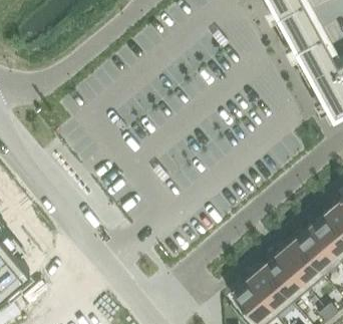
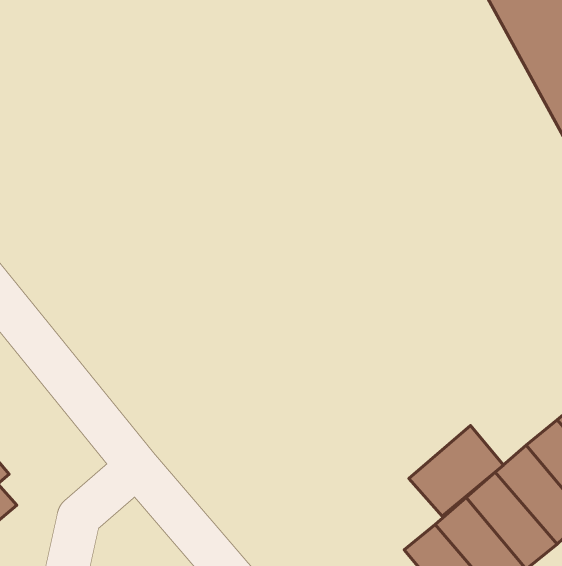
building: none -> [409,425,504,516]

